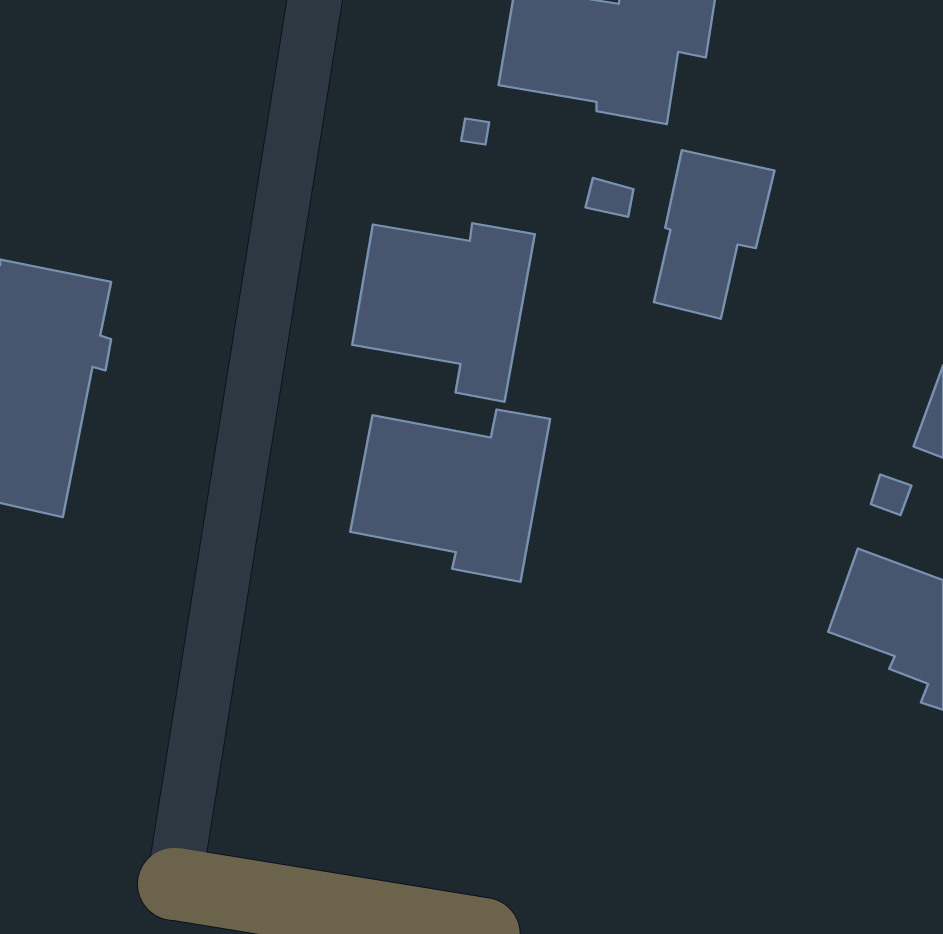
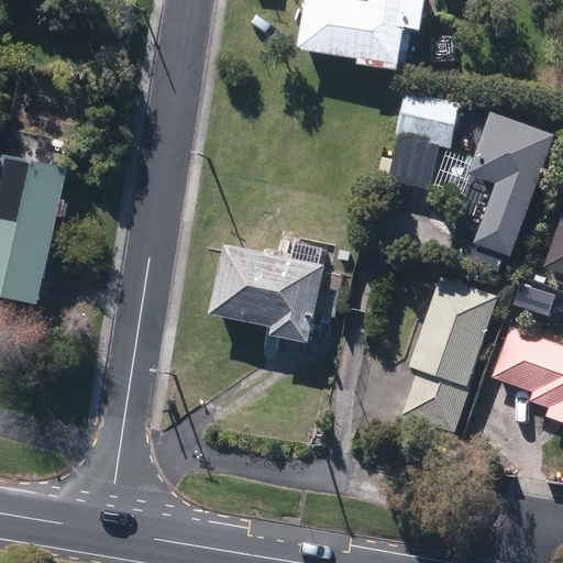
building: none -> [462,111,554,257]
building: [352,223,535,402] -> none
building: none -> [401,276,497,432]

